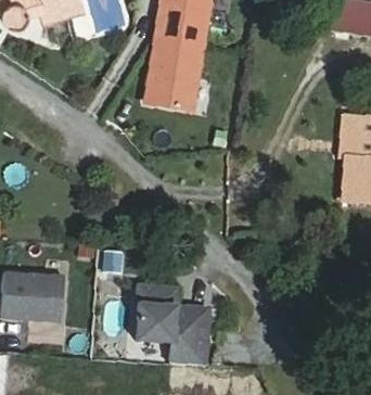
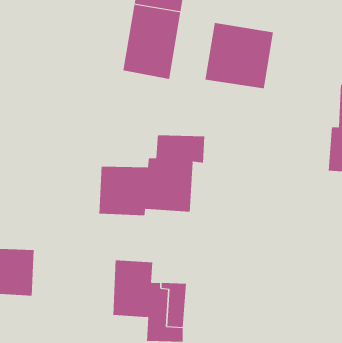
building: none -> [205,22,274,89]
building: none -> [99,135,205,216]

